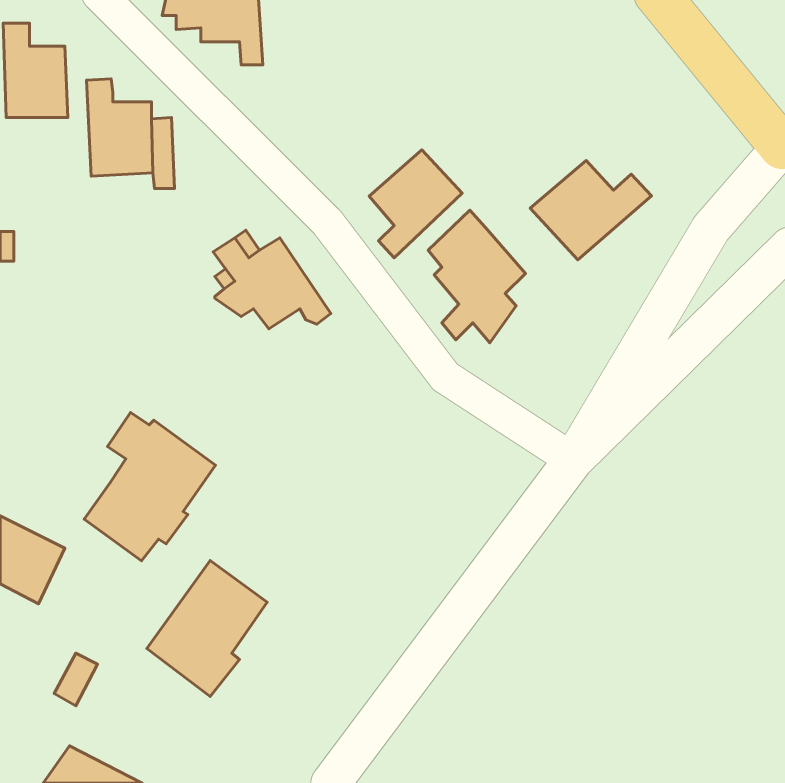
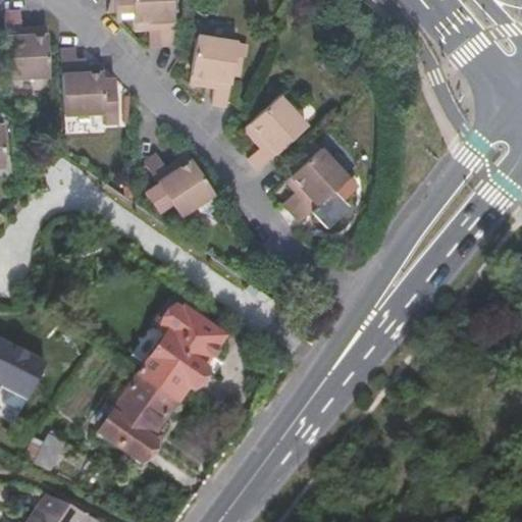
building: none -> [196,37,241,105]
building: [530,161,651,260] -> none
building: [84,413,216,561] -> [142,300,228,398]

